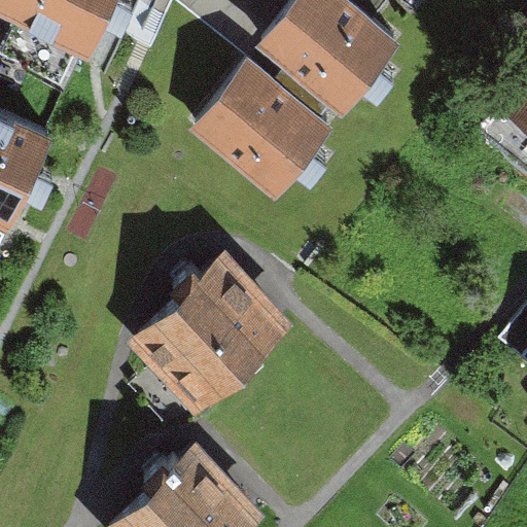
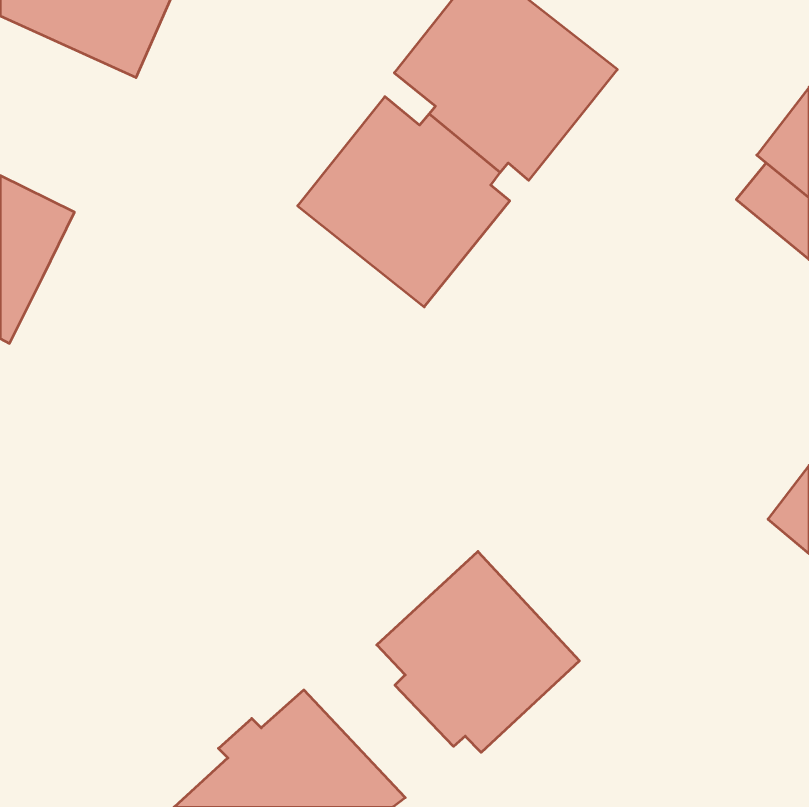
building: [130,257,295,418] -> none
building: none -> [377,551,579,752]

